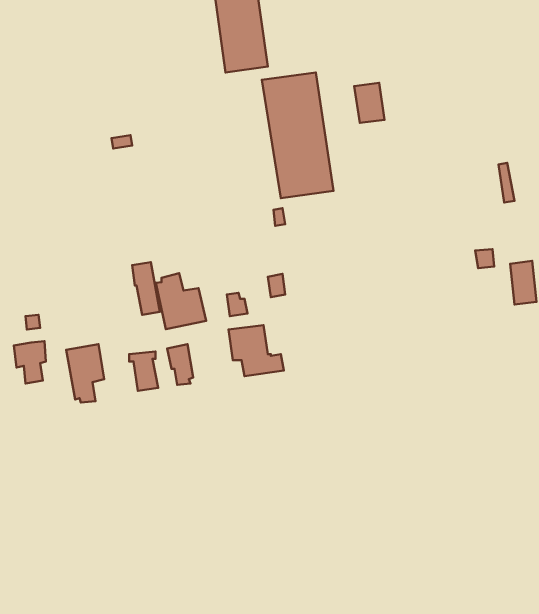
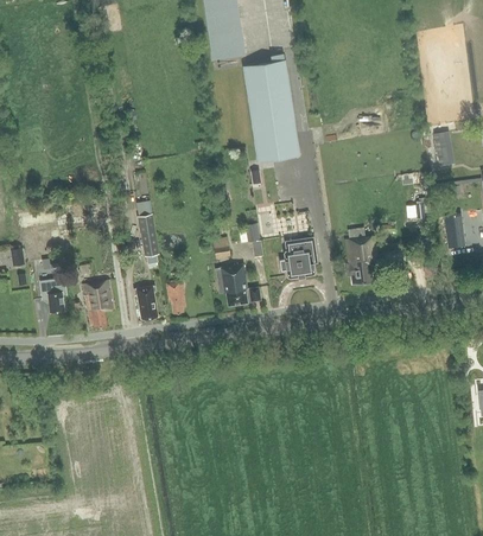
building: [354,83,385,123] -> none
building: [156,273,206,329] -> none
building: none -> [344,228,377,285]
building: none -> [279,237,316,277]

